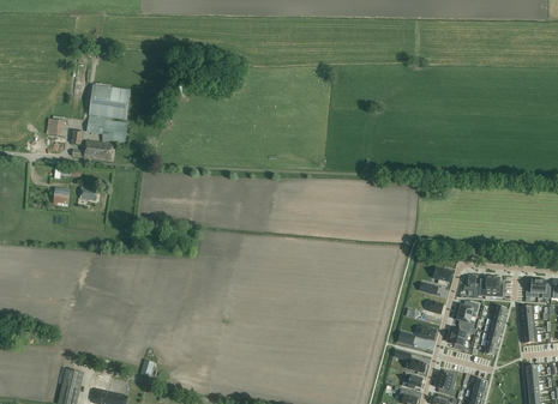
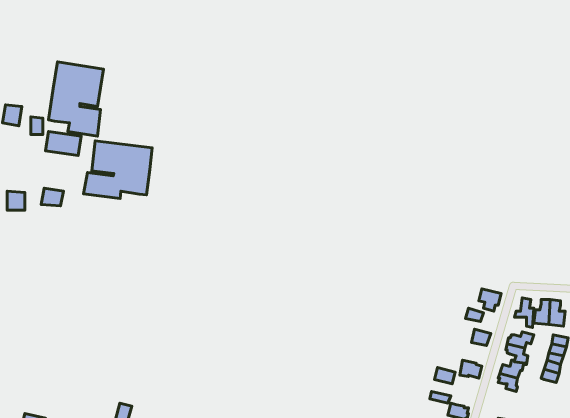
building: none -> [84,141,152,199]

